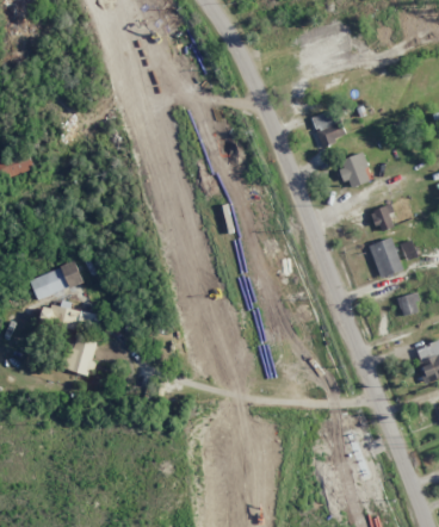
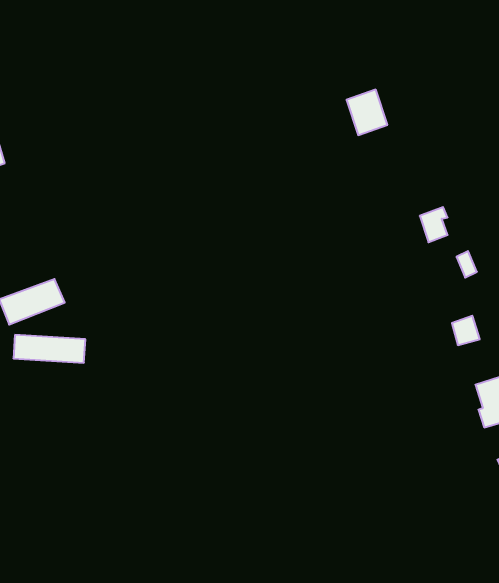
building: [338,153,372,188] -> none
building: [367,237,403,279] -> none
building: [66,336,98,376] -> none

